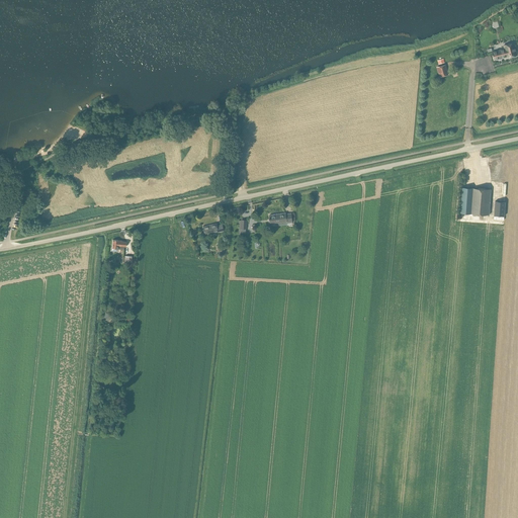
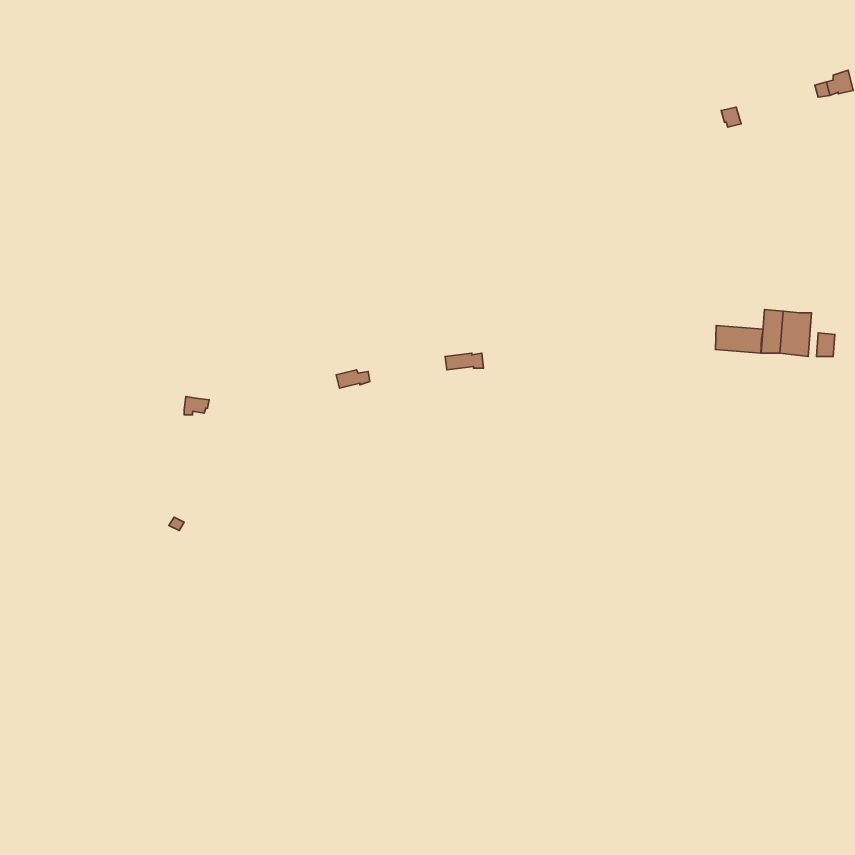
building: none -> [715,325,763,353]

